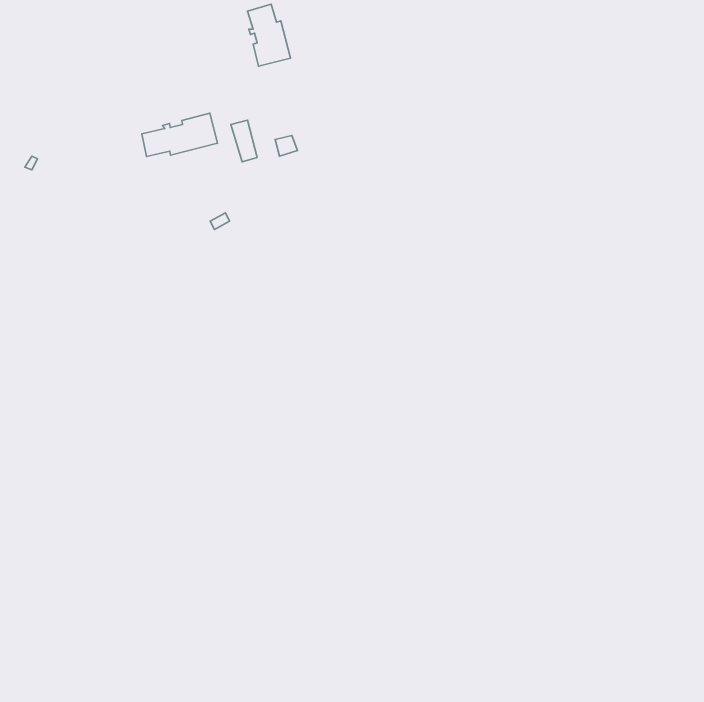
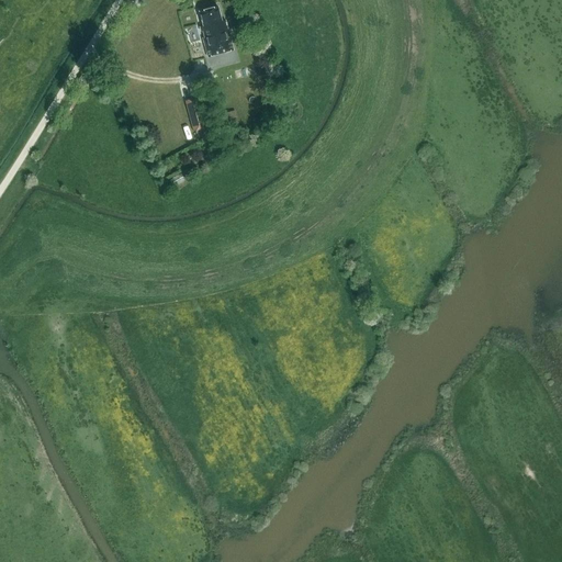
building: [142,113,217,156] -> none

